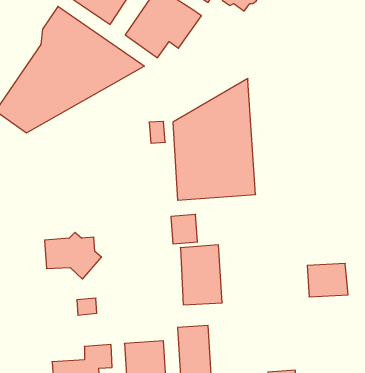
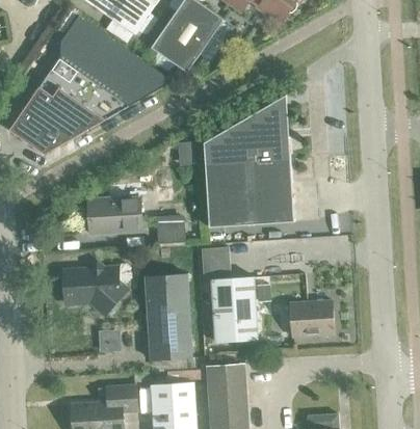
building: none -> [88,183,142,234]
building: none -> [156,215,185,244]
building: none -> [146,274,192,359]
building: [307,263,348,297] -> [290,300,335,337]

